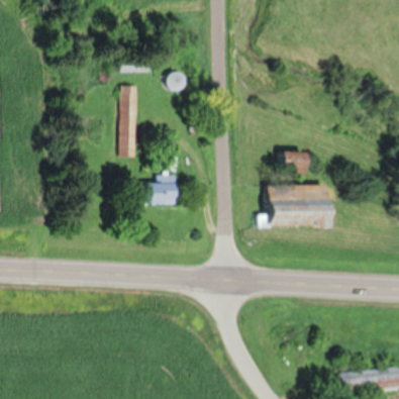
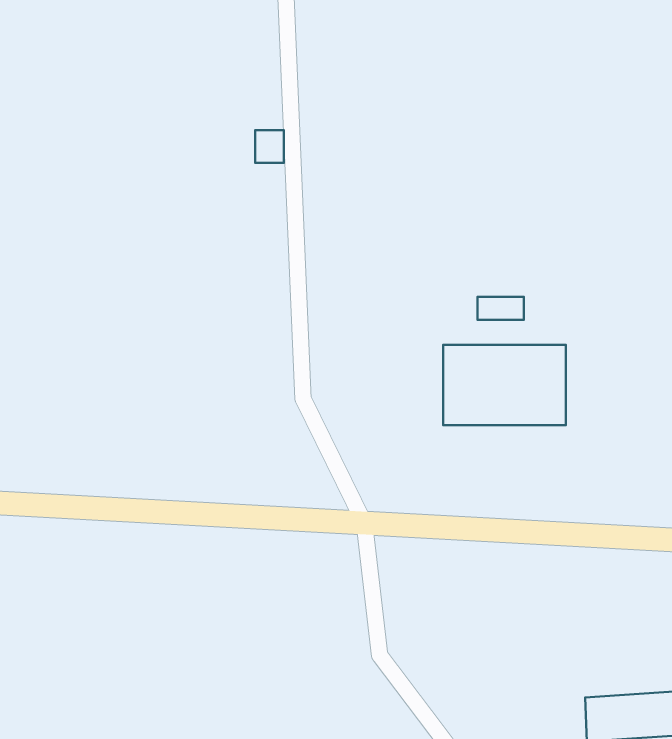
building: [120,83,136,155] -> none
building: [135,174,177,203] -> none

